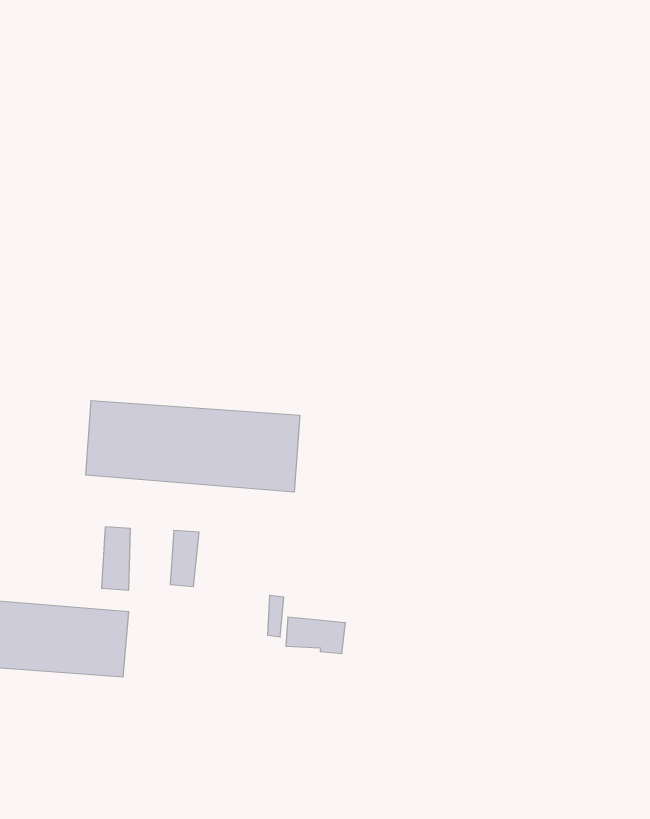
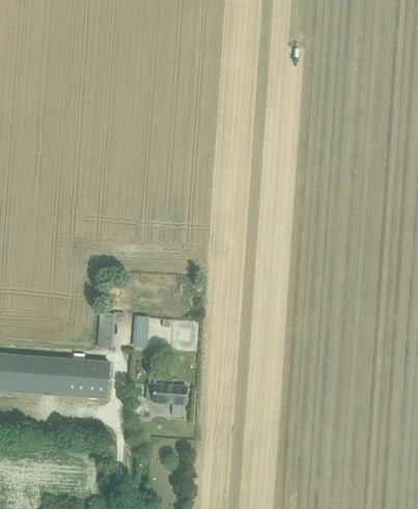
building: [86,400,300,492] -> none
building: [286,617,346,653] -> [152,384,187,404]

